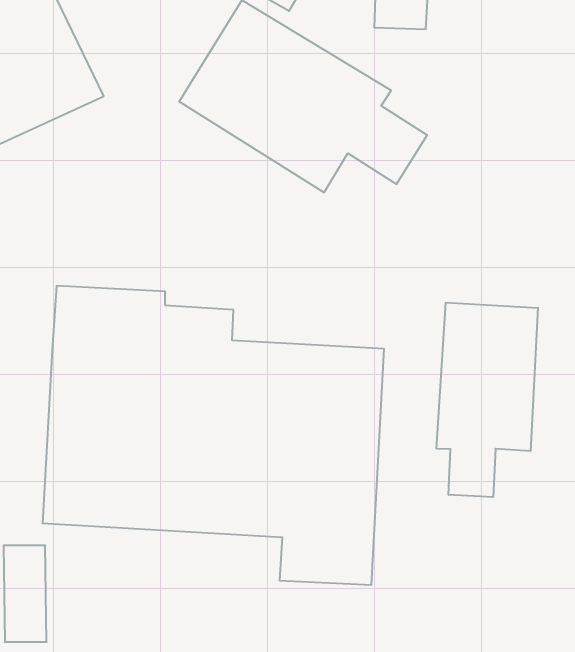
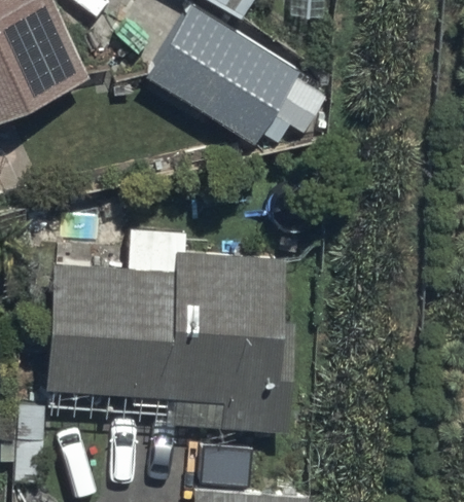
building: [437,303,538,497] -> none

